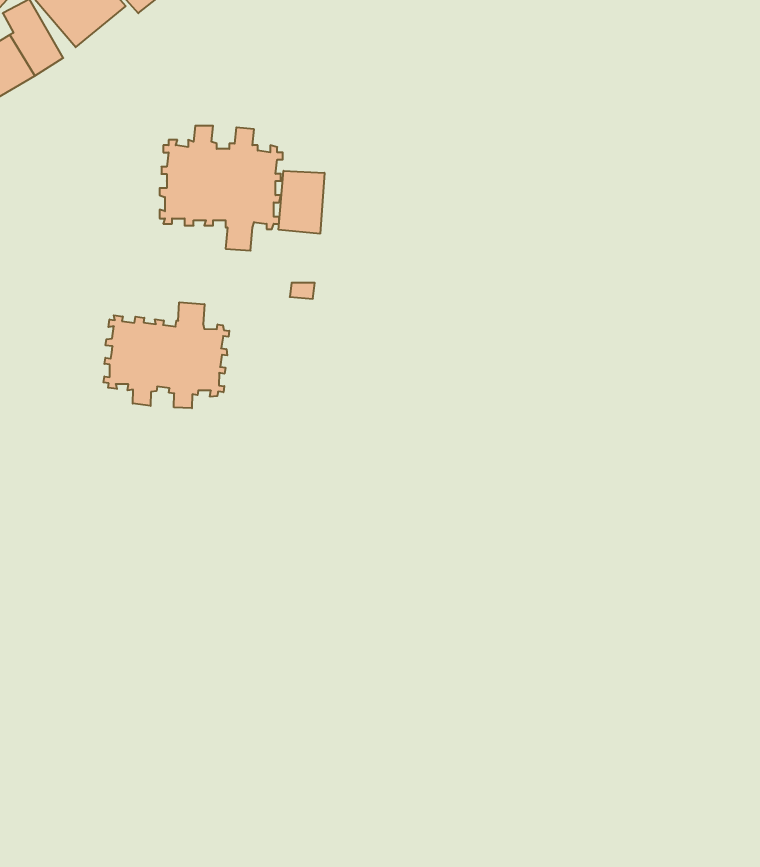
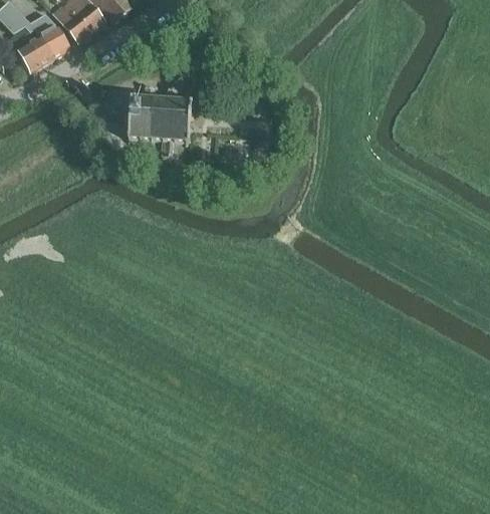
building: [279,171,324,234] -> none
building: [103,302,229,408] -> none

